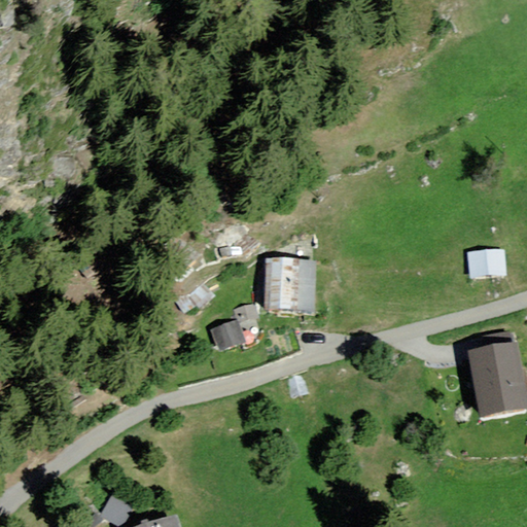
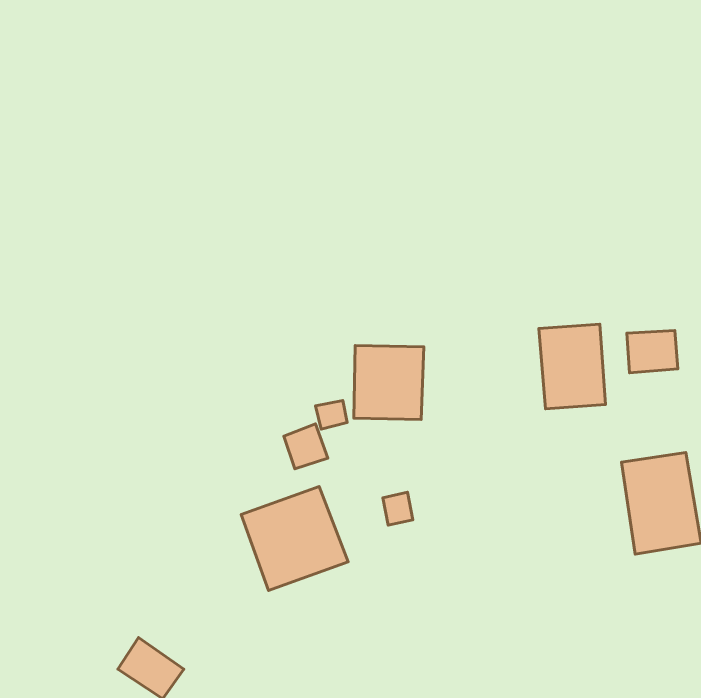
building: none -> [539,324,605,409]
building: none -> [241,487,348,590]

